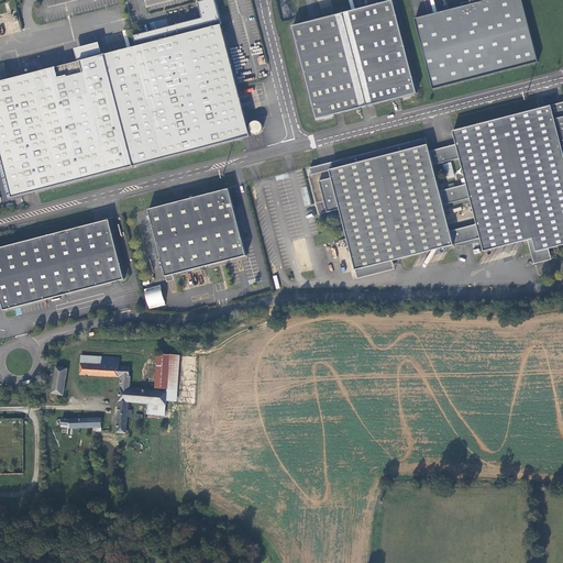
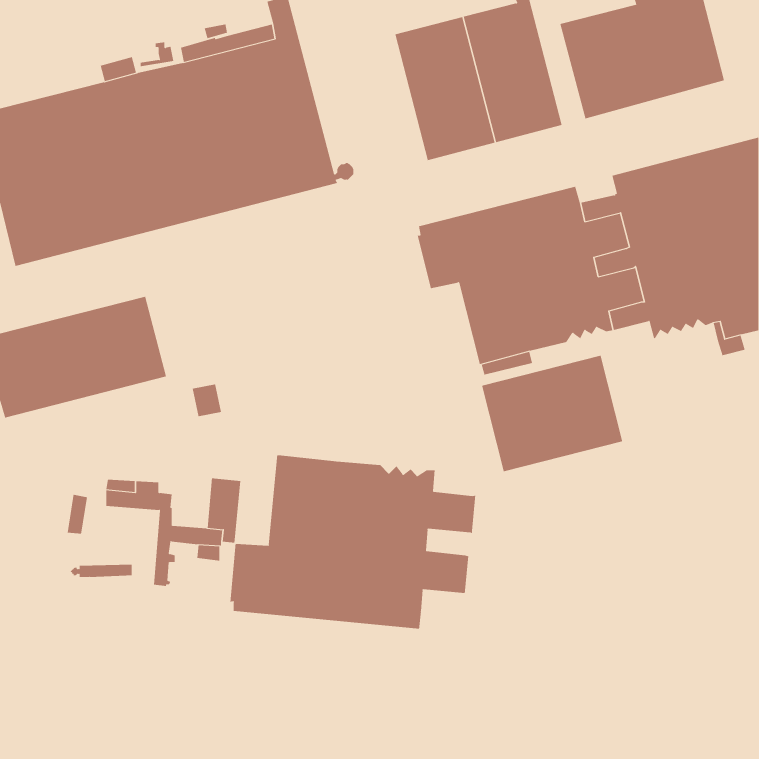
building: [147,188,245,276] -> none
building: none -> [481,355,623,472]
building: none -> [230,454,476,629]

